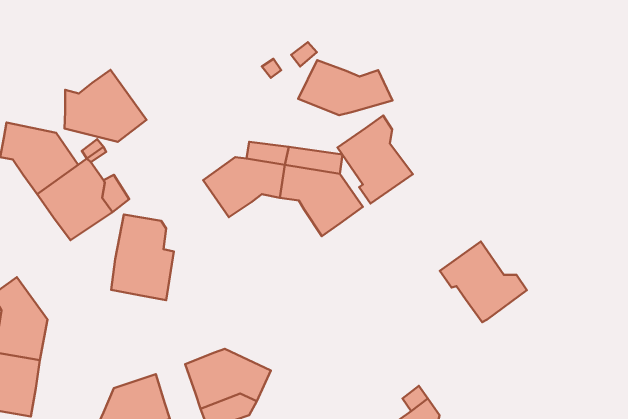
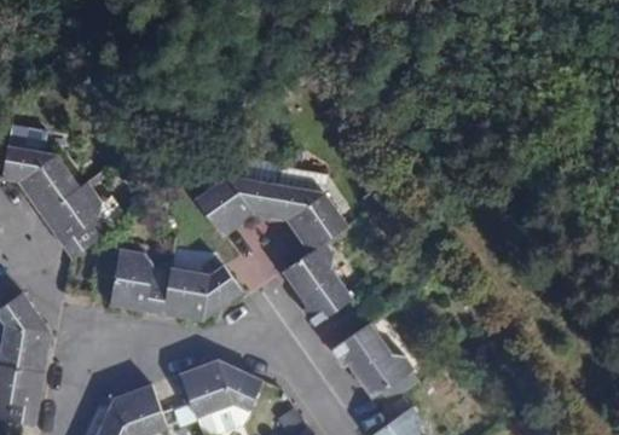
building: [298,60,392,115] -> none
building: [65,70,146,142] -> none
building: [337,115,413,204] -> [283,243,354,326]
building: [440,242,527,322] -> [332,323,415,399]
building: none -> [162,266,242,321]

